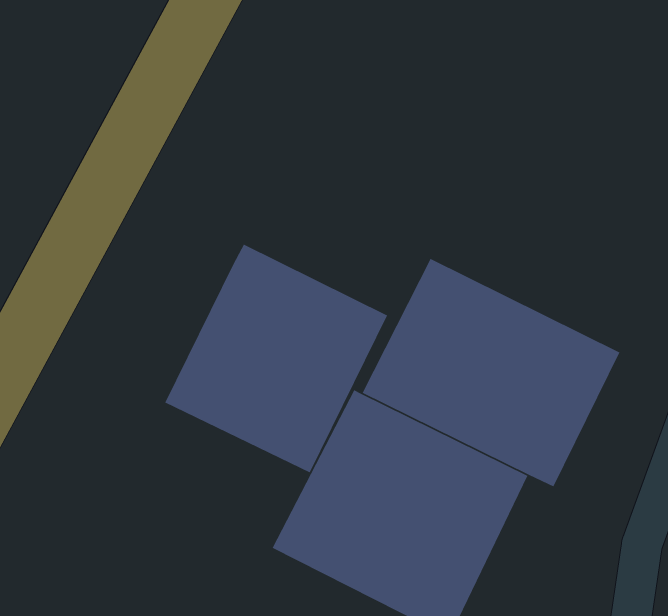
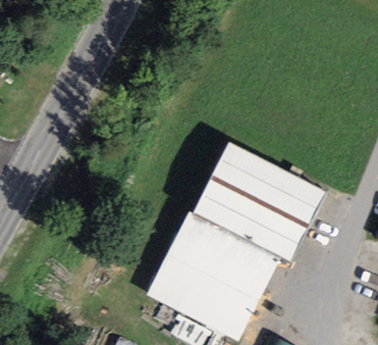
building: [164,244,388,473] -> none

